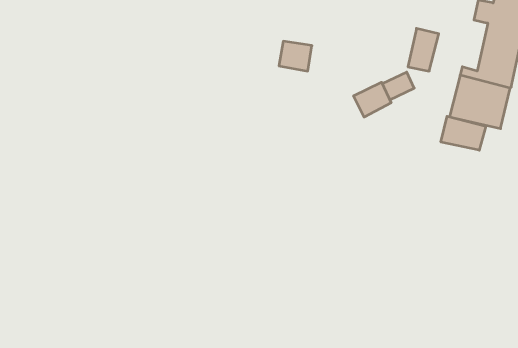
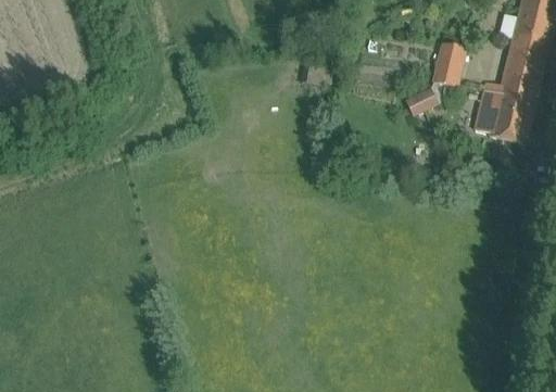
building: [354,82,391,117] -> none
building: [441,116,486,150] -> none

